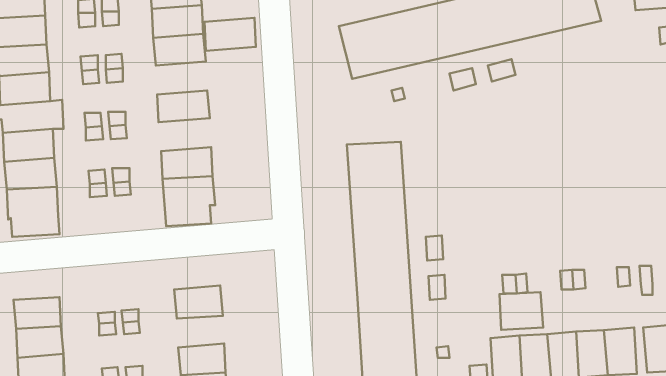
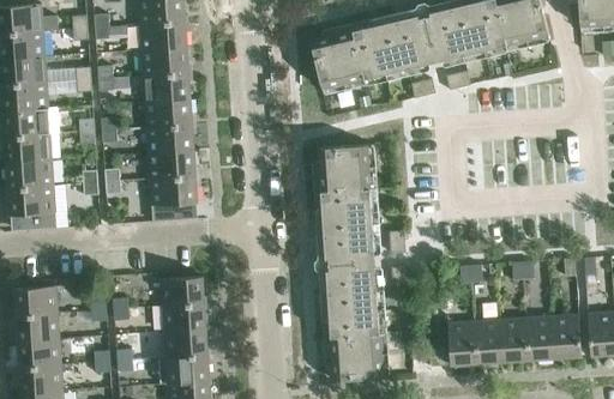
building: [204,18,256,51] -> [144,72,191,102]
building: none -> [146,123,194,153]
building: [499,292,543,330] -> none
building: none -> [163,303,206,332]

